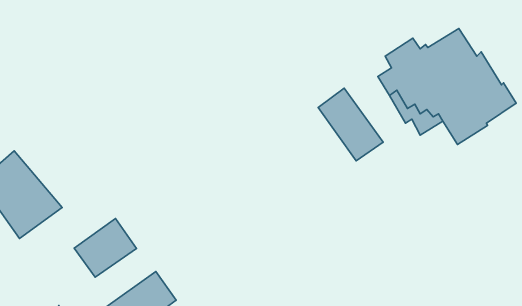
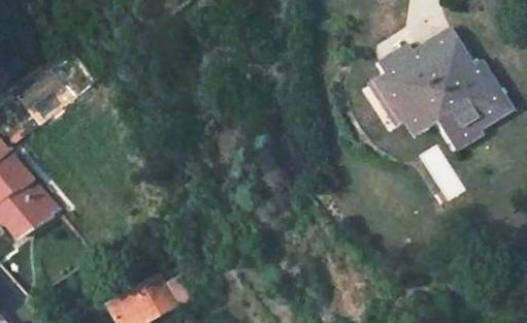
building: [318,88,383,161] -> none
building: [74,218,136,277] -> none

